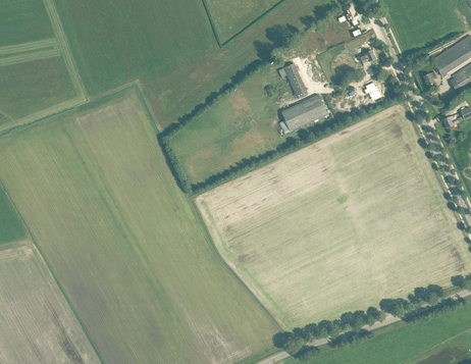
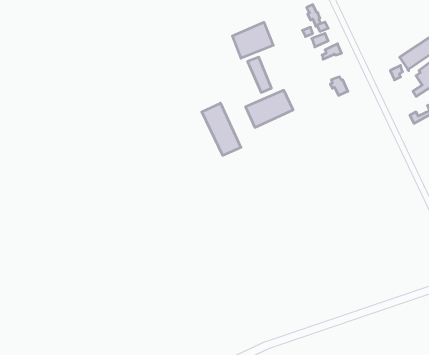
building: none -> [232,22,273,58]
building: none -> [202,103,241,155]

